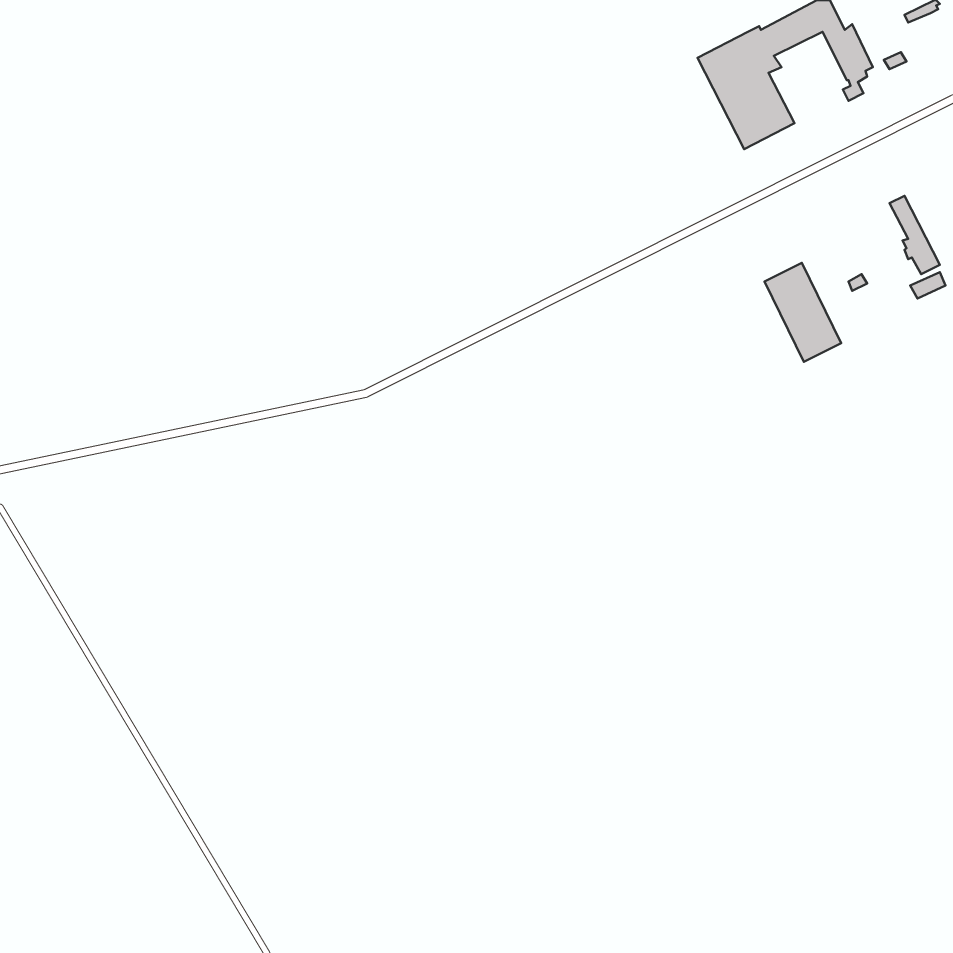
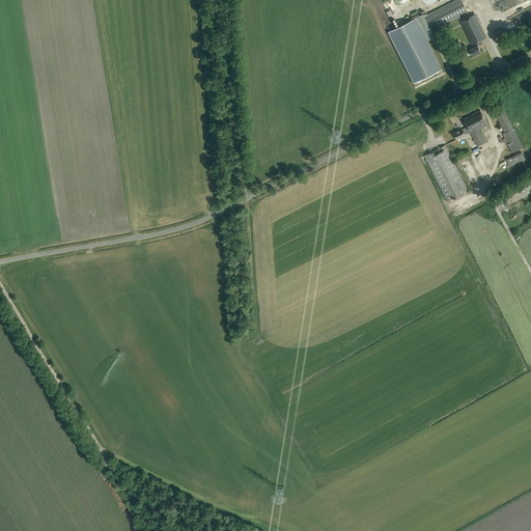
building: none -> [454,110,488,146]

